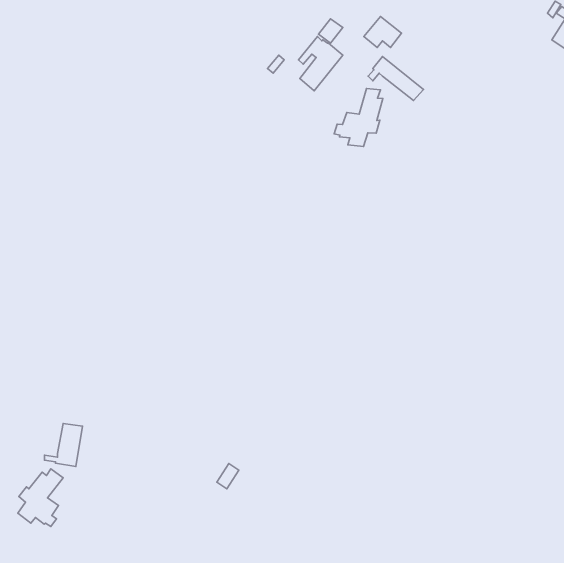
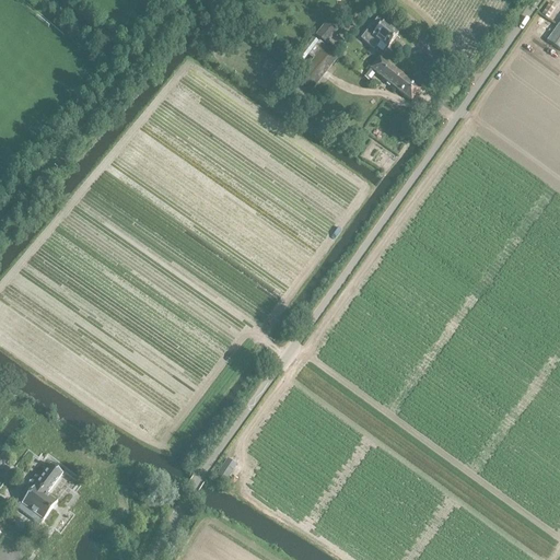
building: [334,88,383,146] -> none
building: [44,424,82,466] -> none

